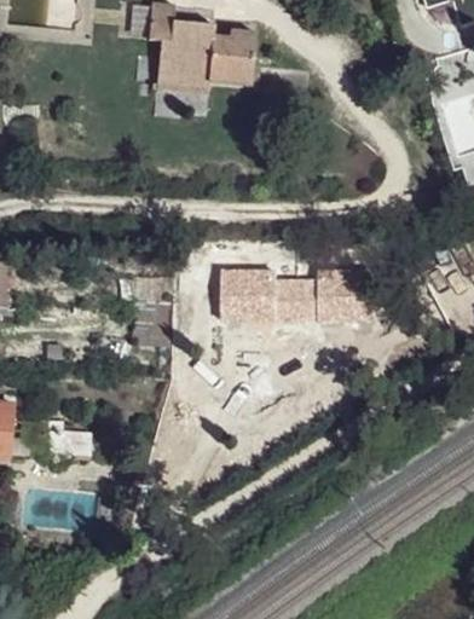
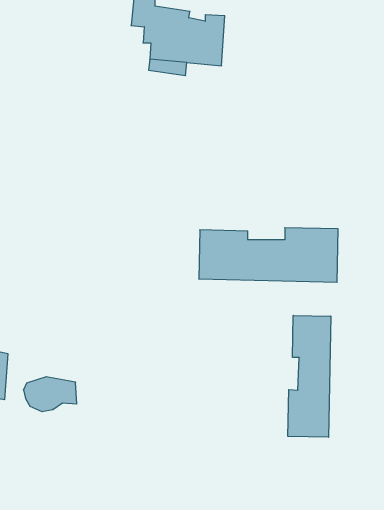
building: none -> [288,315,331,437]

